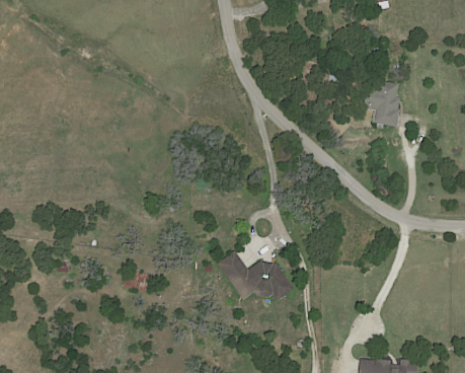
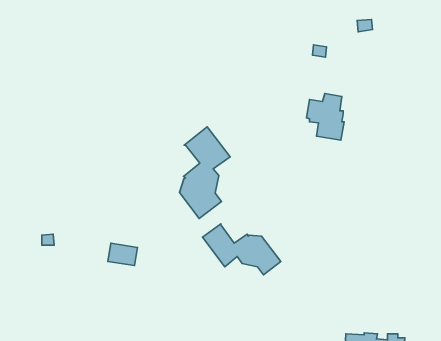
building: [362,80,399,127] -> [306,93,344,140]
building: none -> [179,127,230,218]

